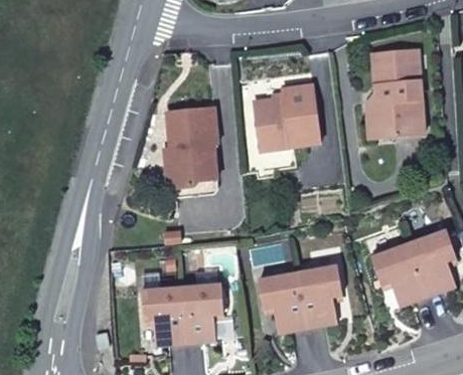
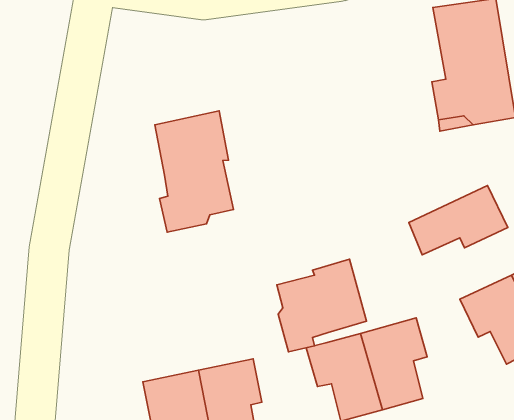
building: [253,80,320,148] -> none
building: none -> [409,185,508,255]
building: none -> [277,259,366,352]

